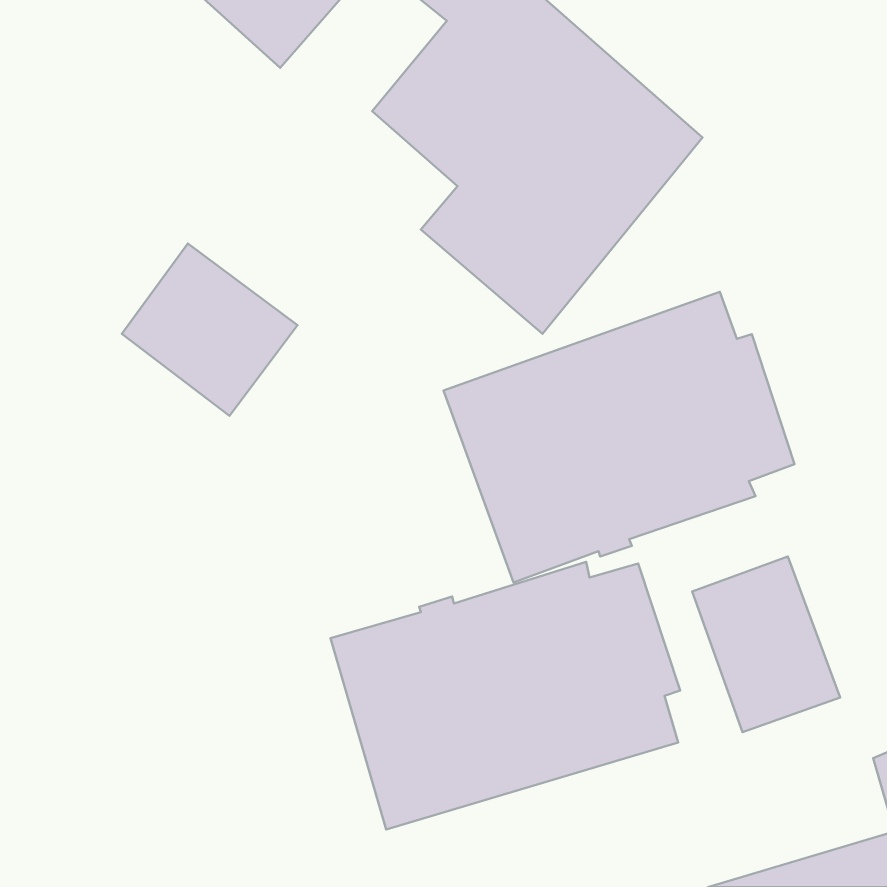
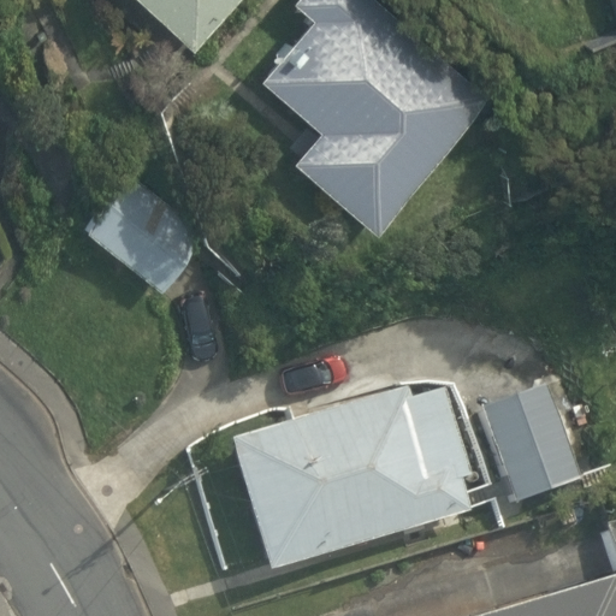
building: [444,292,795,582] -> none

